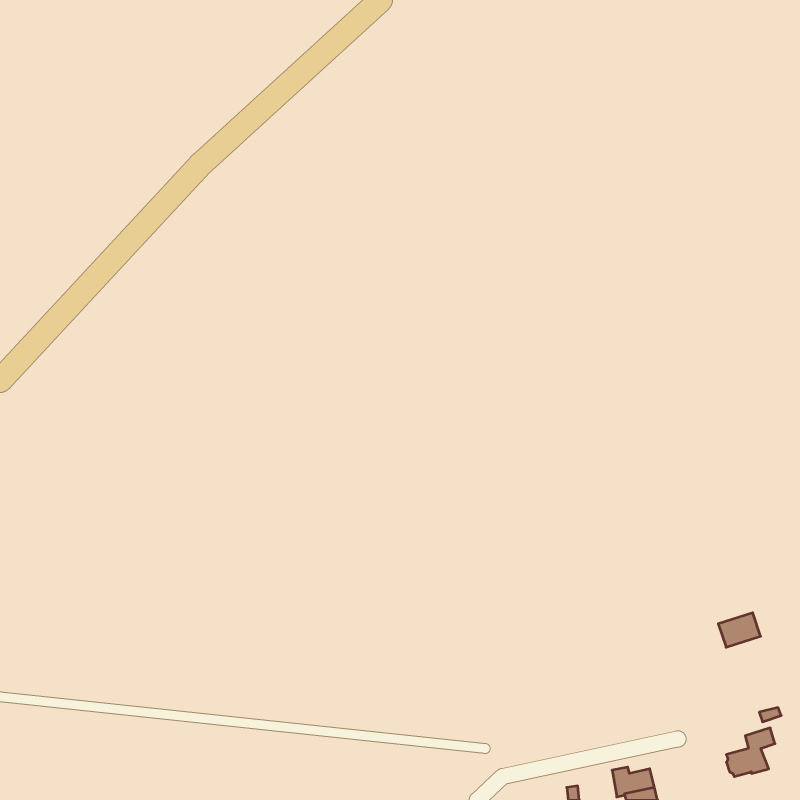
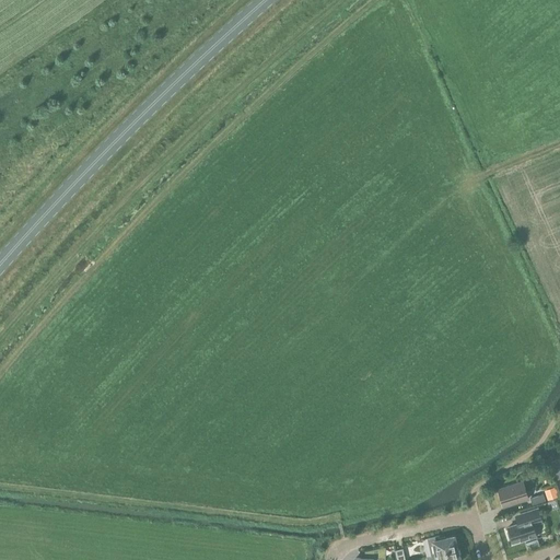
building: [718,613,761,647] -> [499,482,528,506]

